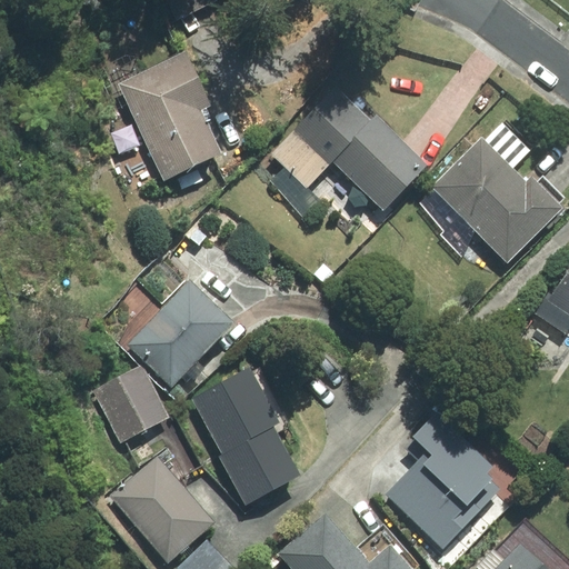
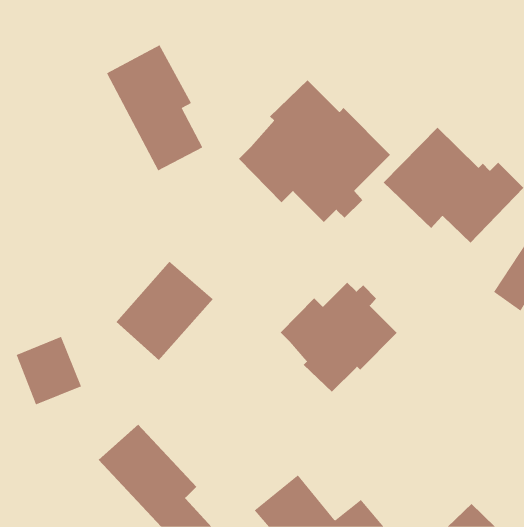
building: none -> [280,282,398,393]
building: [98,370,169,445] -> [16,336,82,405]
building: [196,371,299,507] -> none
building: [383,410,490,551] -> none

